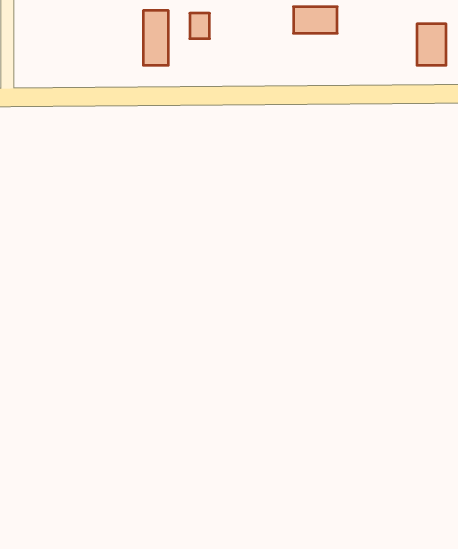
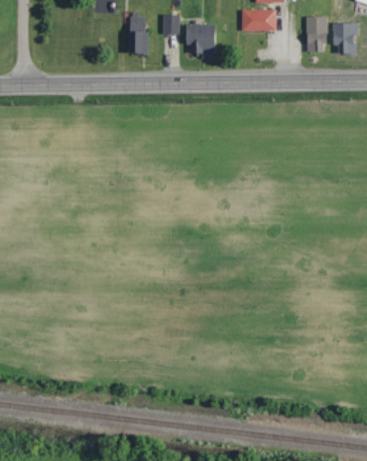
building: none -> [306,16,326,51]
building: none -> [186,23,214,56]

